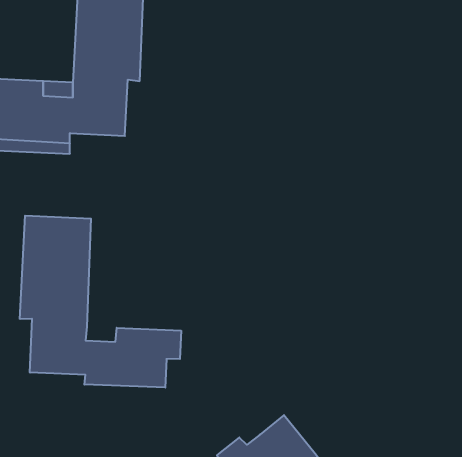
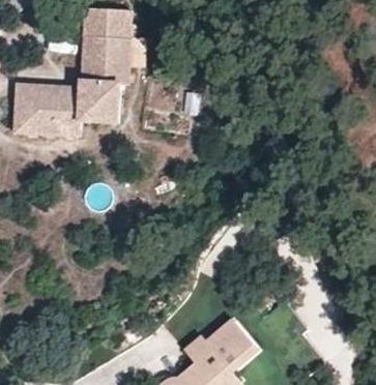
building: [20,216,181,388] -> none

